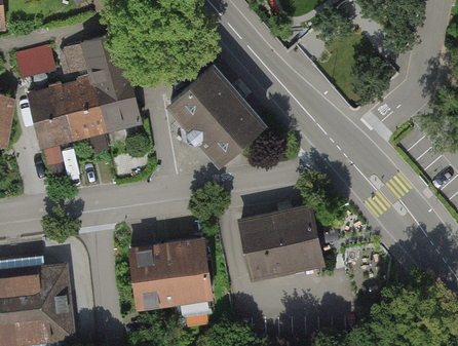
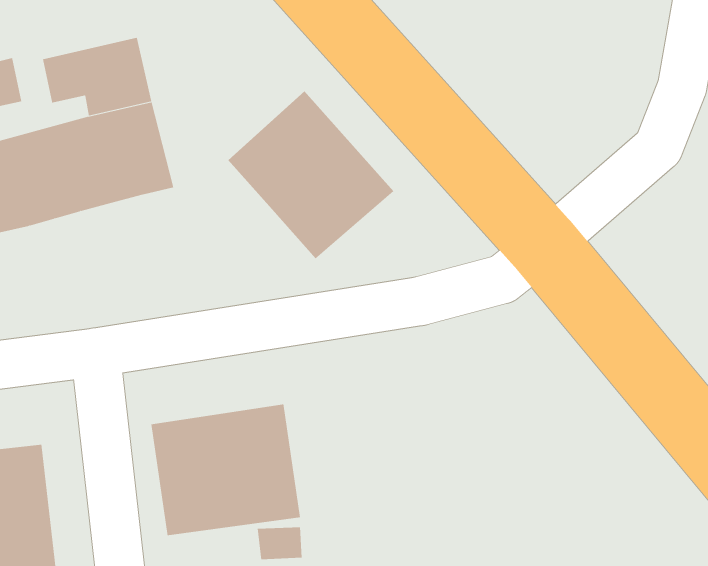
building: [241,204,321,282] -> none

